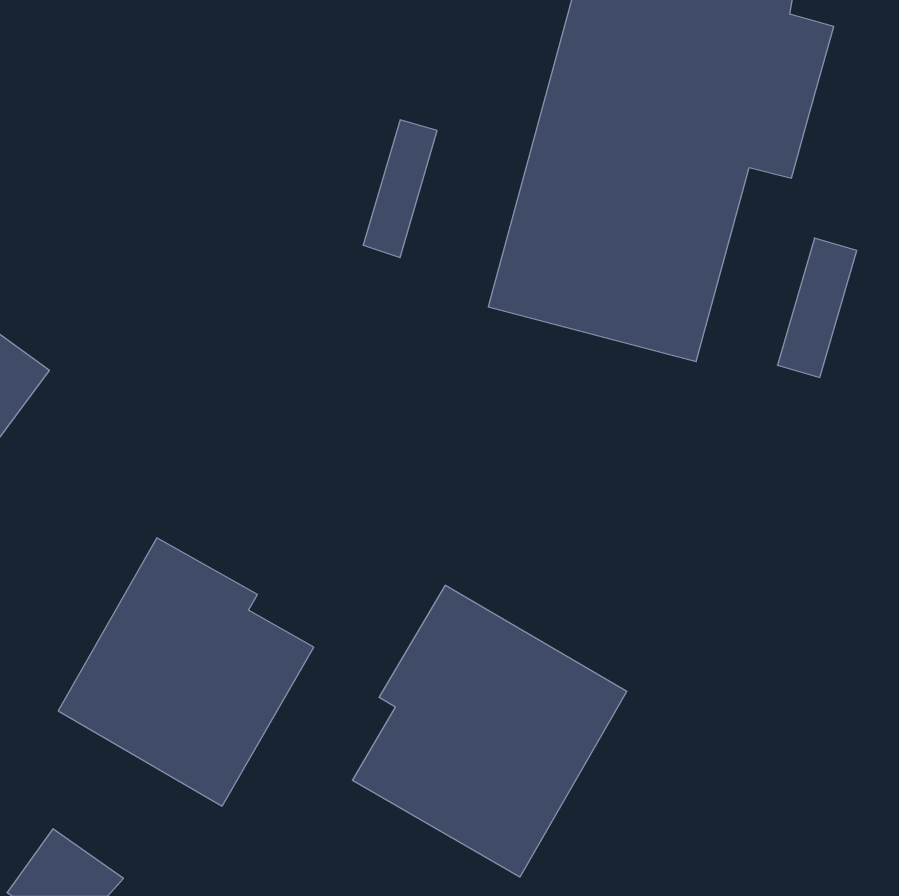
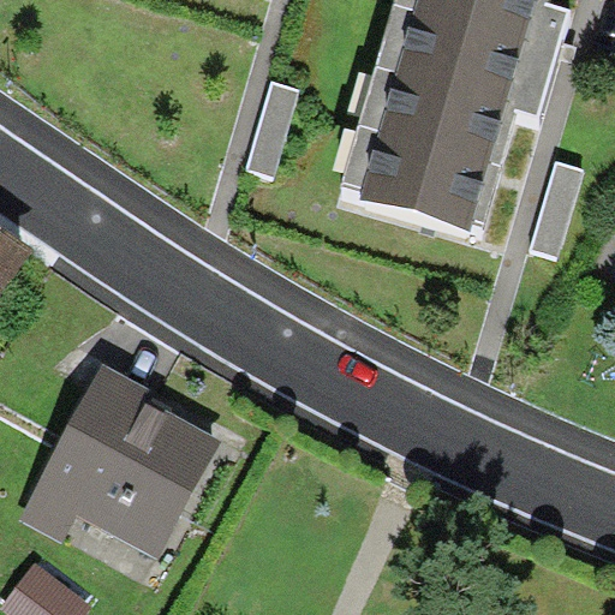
building: [352,585,627,877] -> none

